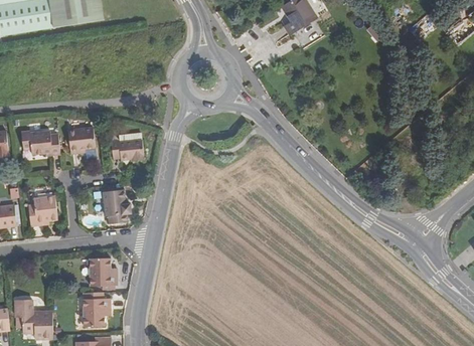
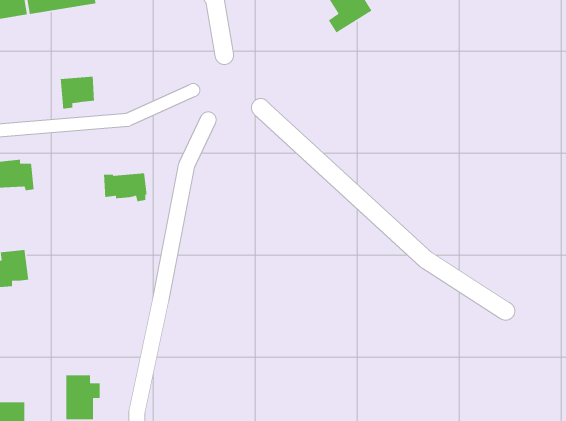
building: [67,127,94,152] -> [60,76,95,109]
building: [99,189,129,224] -> none
building: [89,256,117,285] -> none

